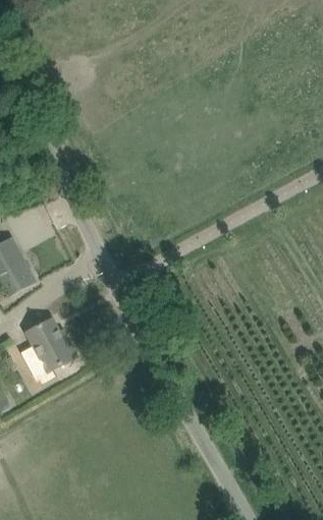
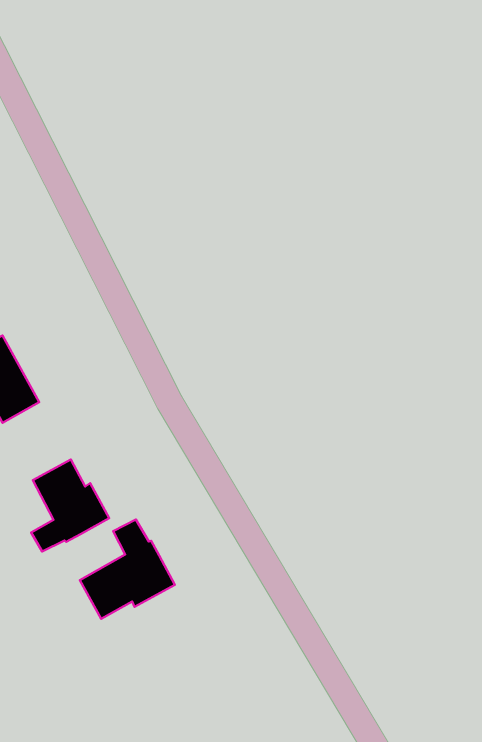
building: none -> [80,520,175,619]

